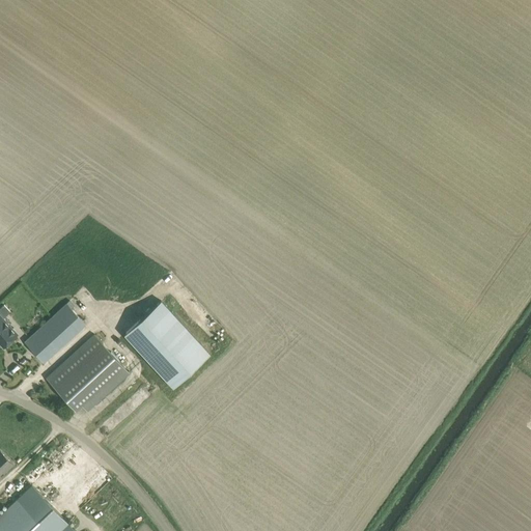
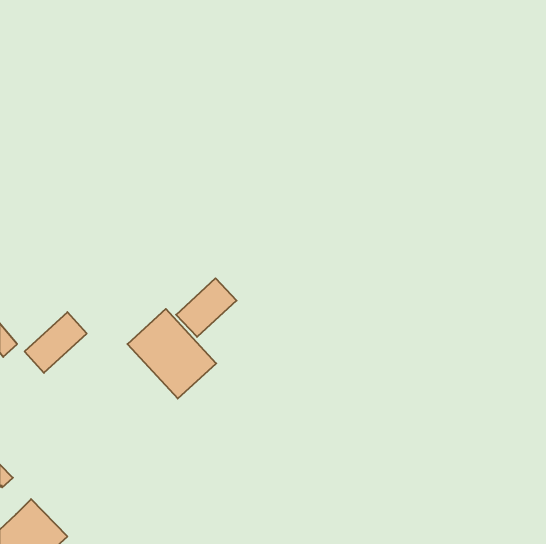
building: none -> [176,278,237,337]
building: [46,336,128,412] -> none

